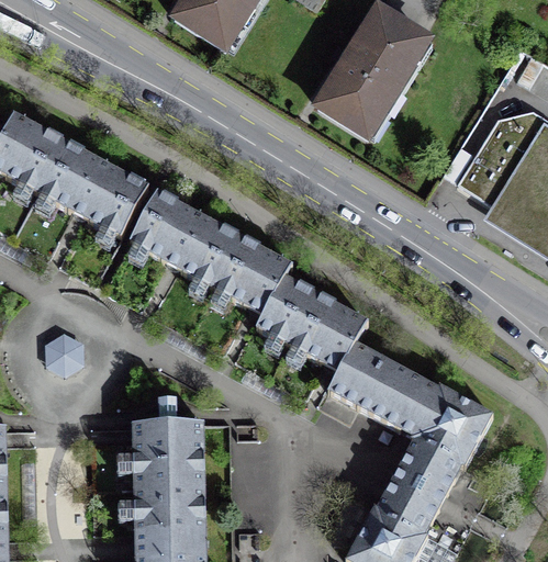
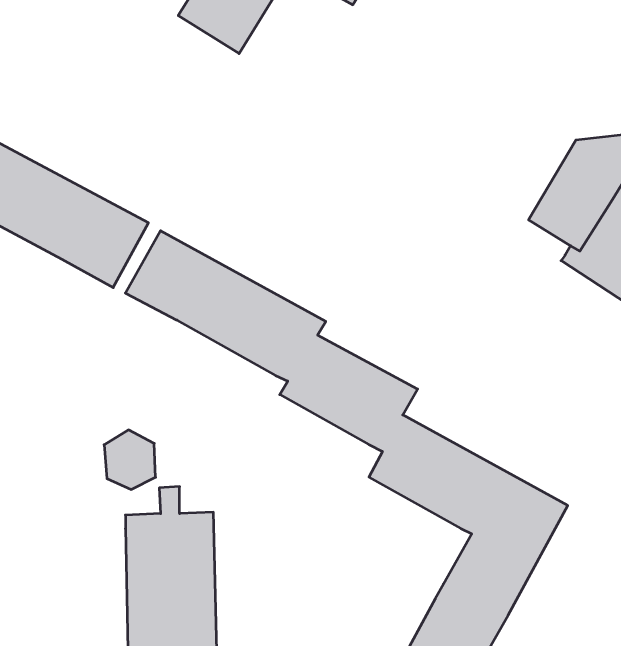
building: [315,10,428,140] -> none
building: [43,329,85,378] -> [104,430,156,489]

